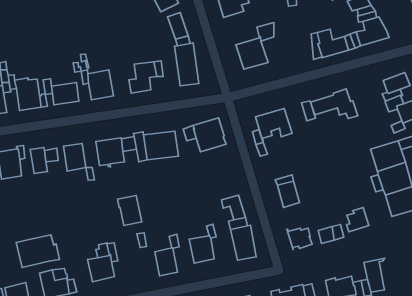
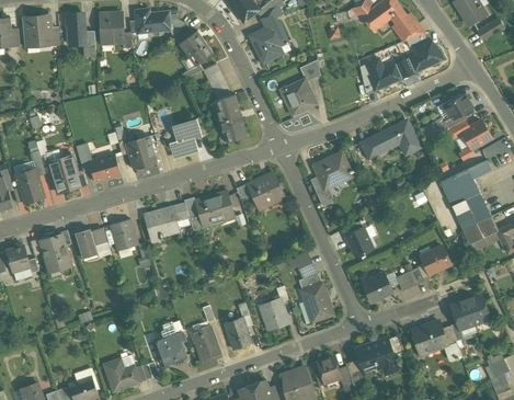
building: [117,196,142,226] -> [190,327,219,361]
building: [16,235,59,267] -> none
building: none -> [466,294,489,324]

